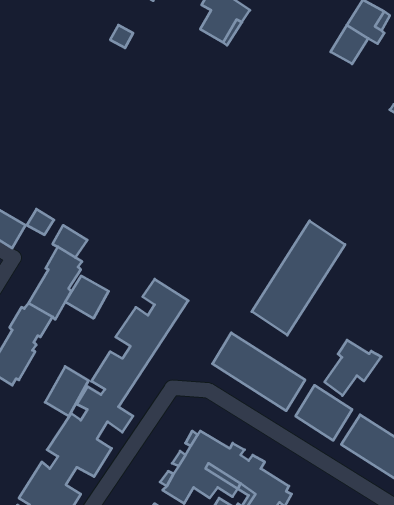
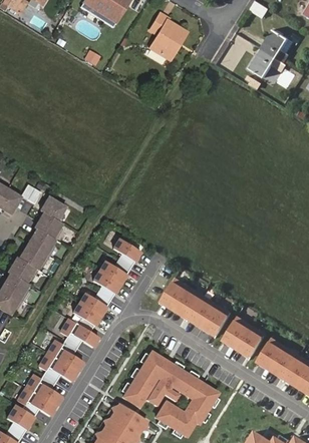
building: [252,221,345,335] -> none
building: [65,276,109,318] -> none
building: [325,340,381,396] -> none
building: [45,366,89,416] -> none

